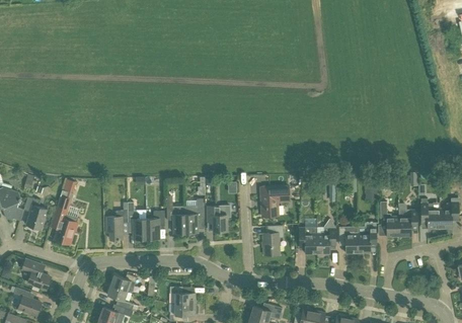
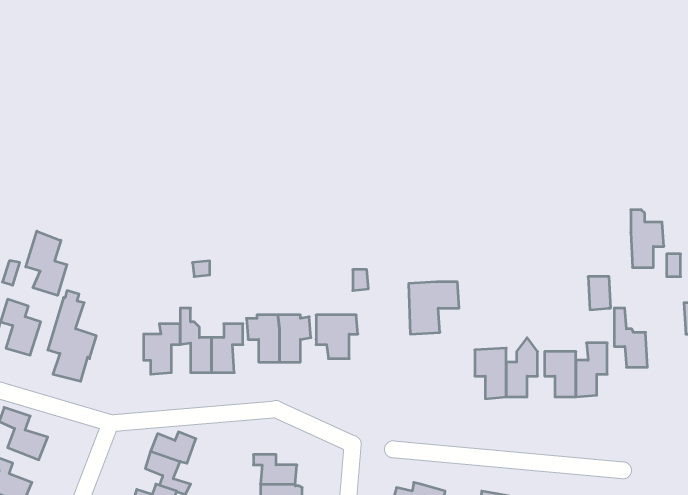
building: none -> [26,231,67,295]
building: [398,203,417,236] -> [631,210,664,267]
building: [262,226,283,255] -> none

